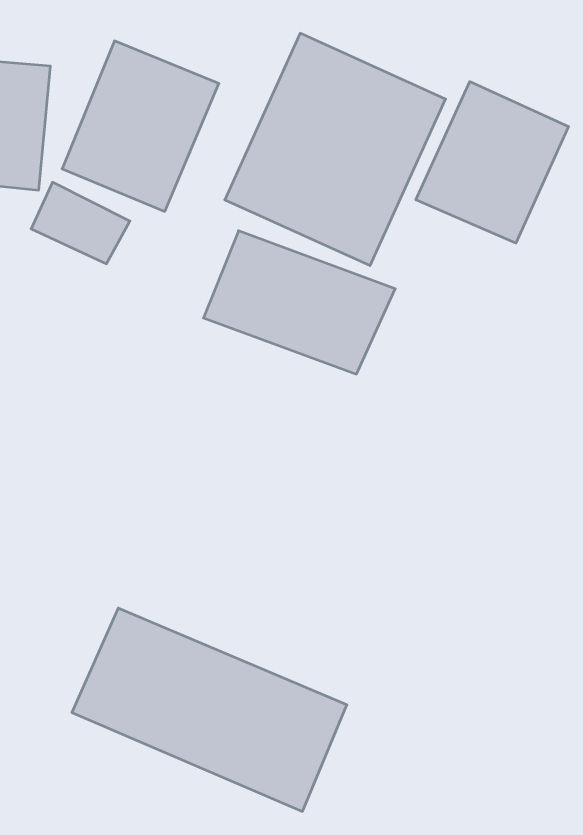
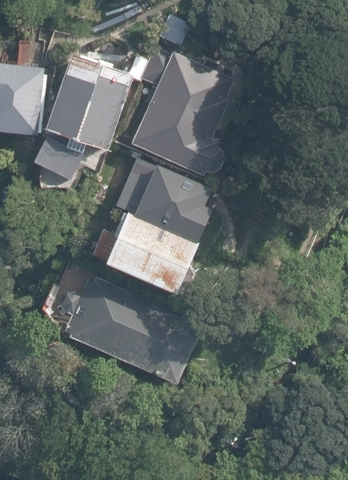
building: [416,82,568,243] -> none
building: none -> [96,207,201,287]
building: [72,608,347,811] -> [61,273,203,378]

